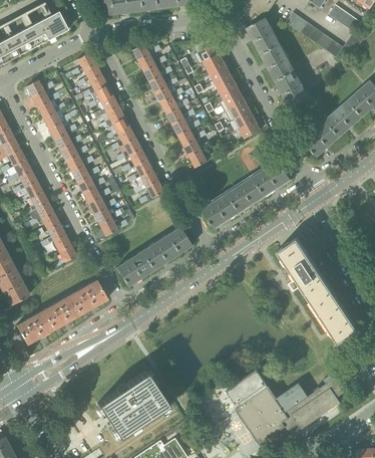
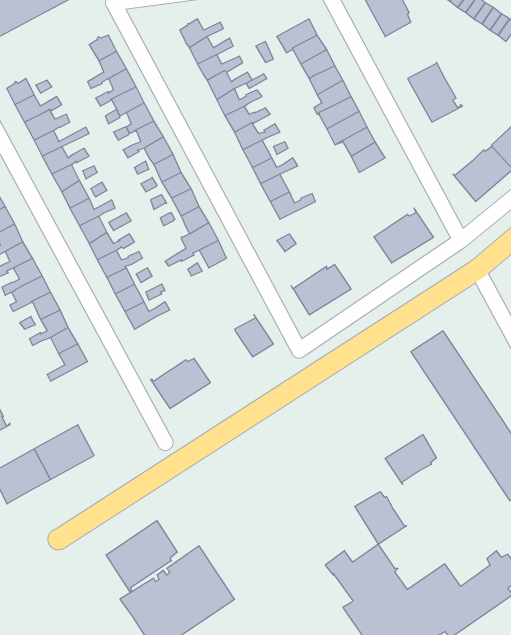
building: [261,44,292,80] -> none
building: [229,180,265,211] -> none
building: [142,238,178,269] -> none
building: [70,280,107,314] -> none
building: none -> [385,435,436,484]
building: none -> [355,492,407,544]
building: none -> [106,521,177,593]

